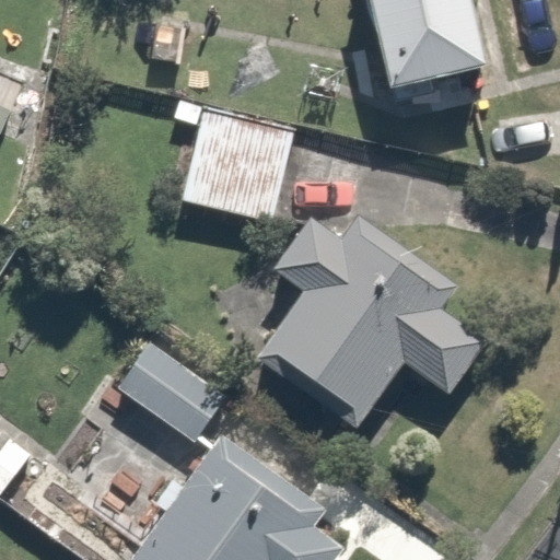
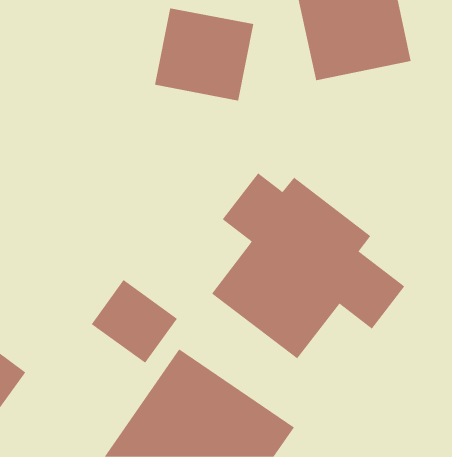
building: [174,113,295,226] -> [154,8,254,101]

